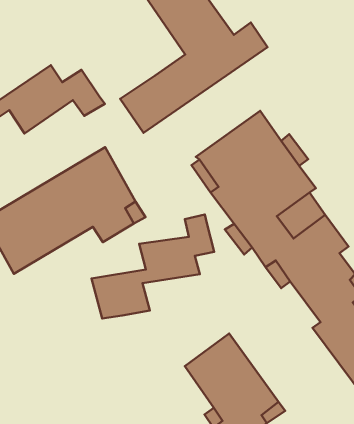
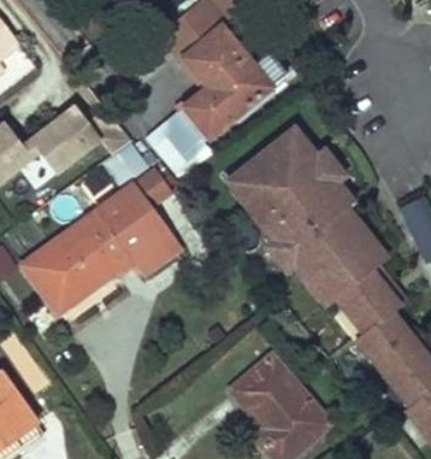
building: [92,214,214,318] -> none

